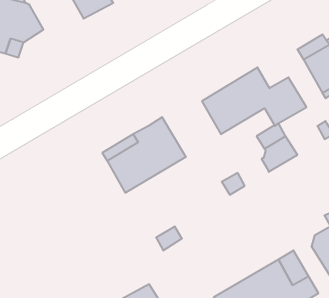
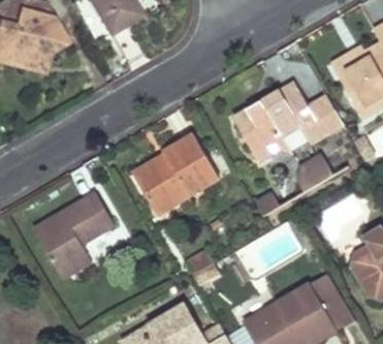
building: none -> [33,190,114,276]

